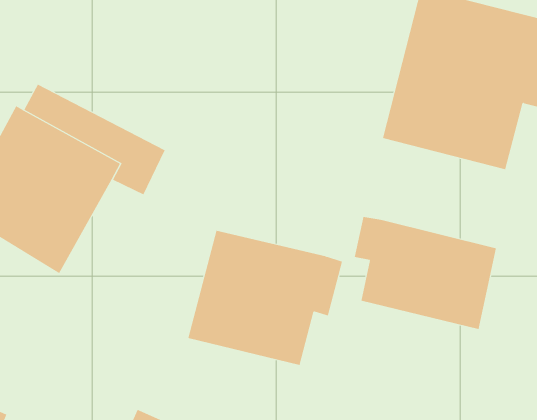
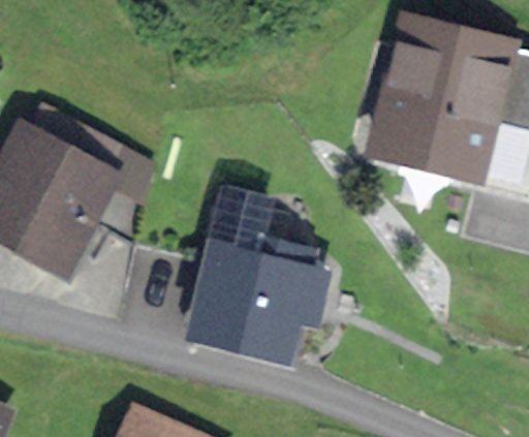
building: none -> [209,184,317,264]
building: [354,216,496,330] -> none

